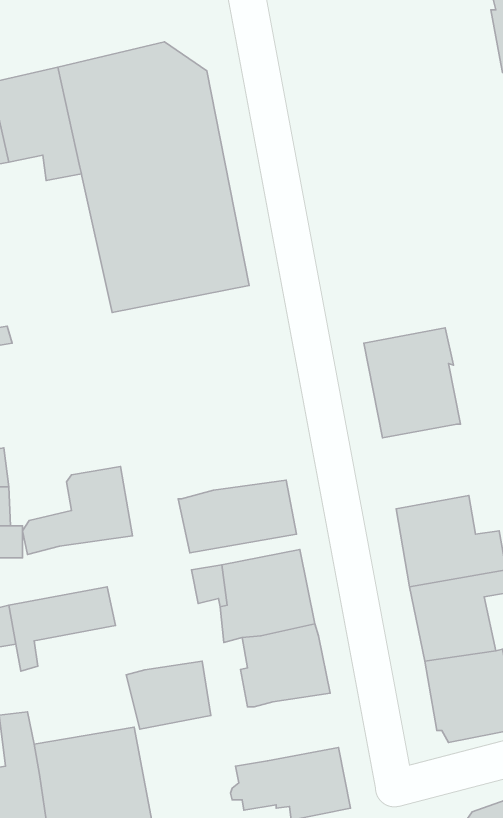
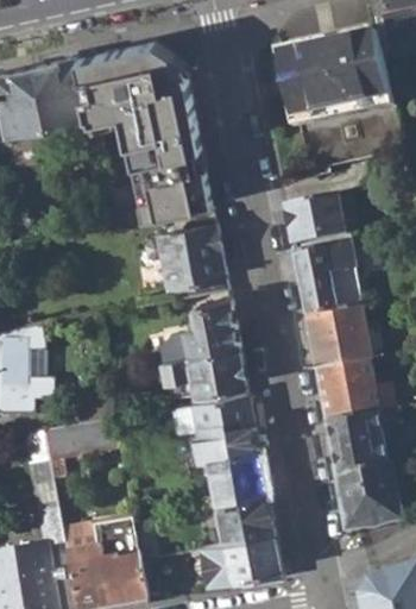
building: none -> [259,37,374,125]
building: none -> [284,192,345,241]
building: none -> [159,221,228,297]
building: none -> [307,306,367,365]
building: [22,466,132,554] -> [162,296,239,358]
building: [126,661,211,729] -> [216,495,276,542]

